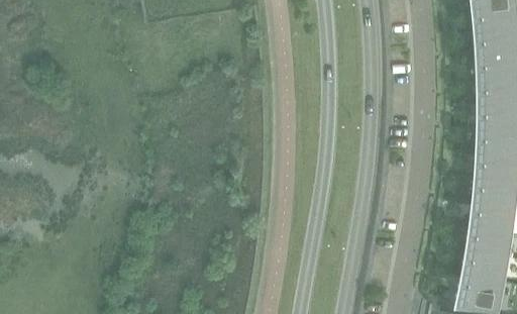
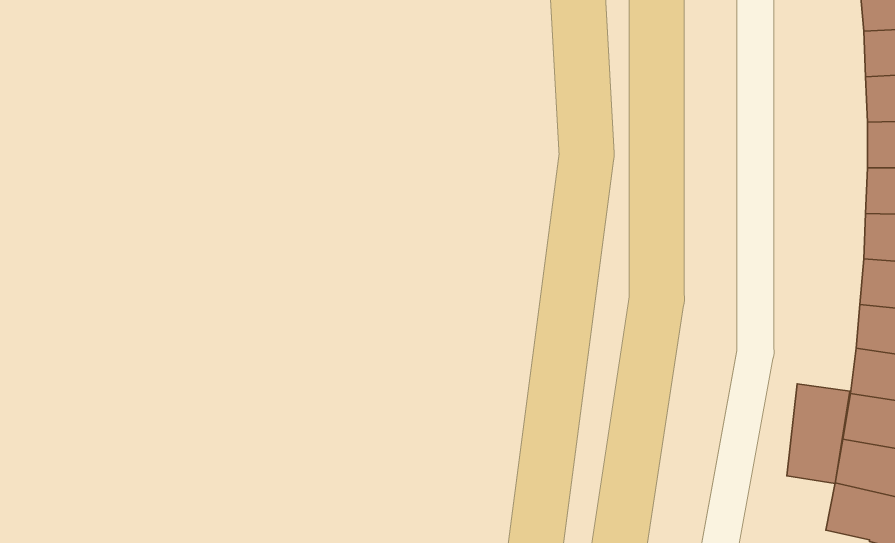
building: none -> [787,384,850,484]

